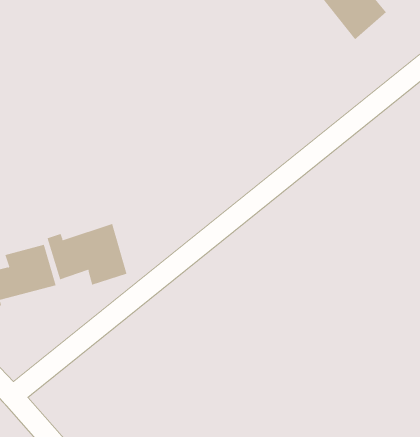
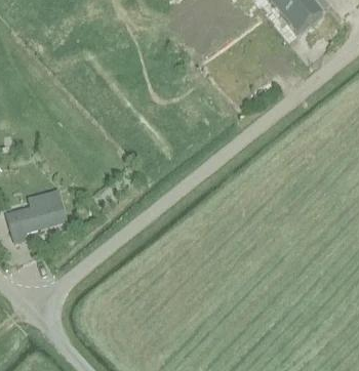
building: [47,223,127,285] -> none

